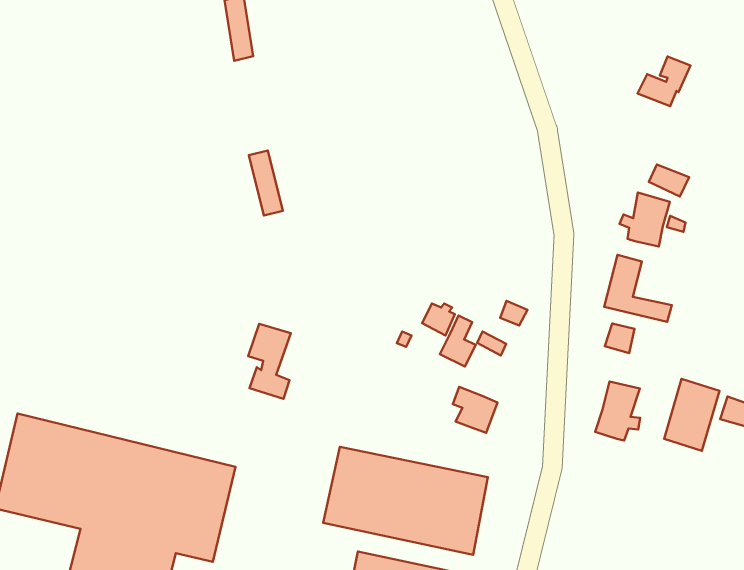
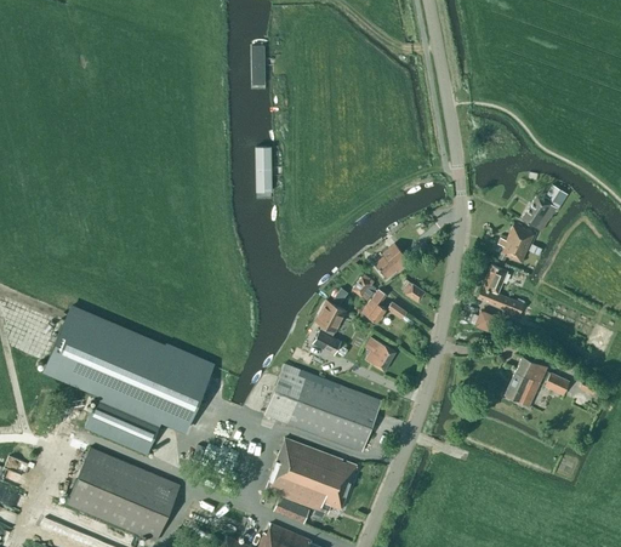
building: [638,56,690,106] -> [529,184,568,218]
building: none -> [375,243,410,278]
building: [248,324,291,399] -> [313,300,347,353]
building: [595,381,640,440] -> none

